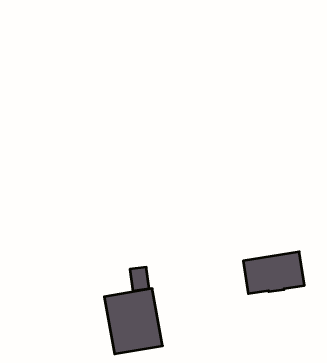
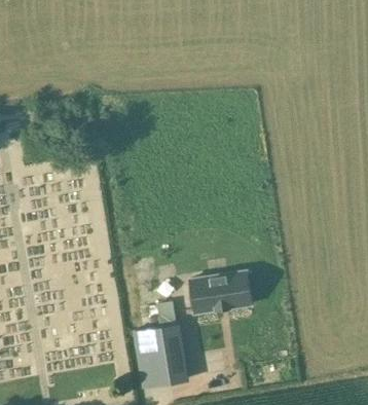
building: [243,252,304,294] -> [188,271,250,314]

